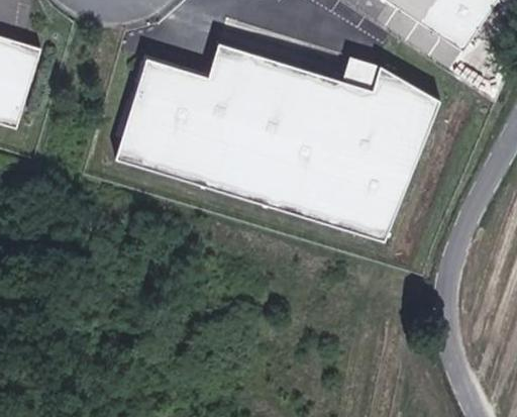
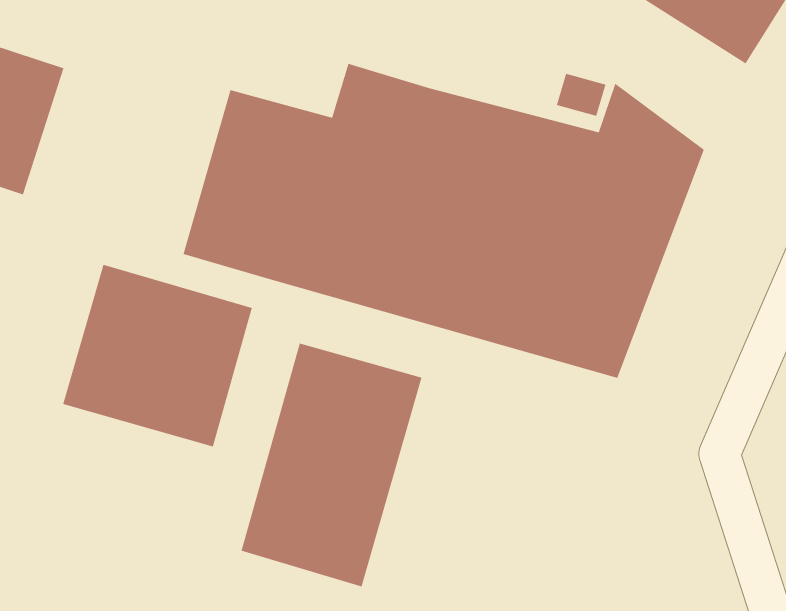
building: none -> [62,264,253,447]
building: none -> [240,342,422,588]

